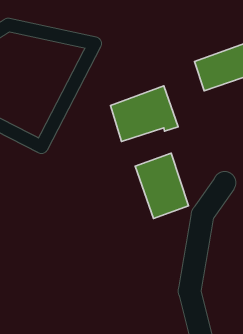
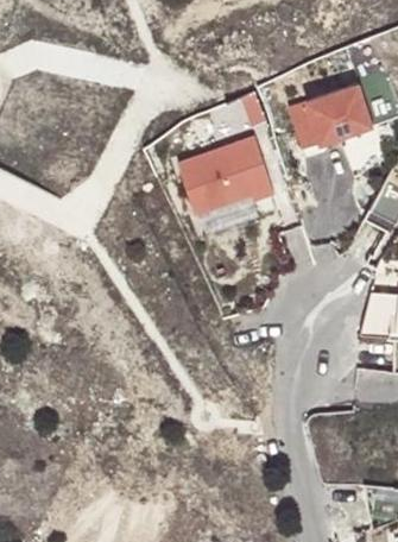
building: [135,153,189,218] -> none

